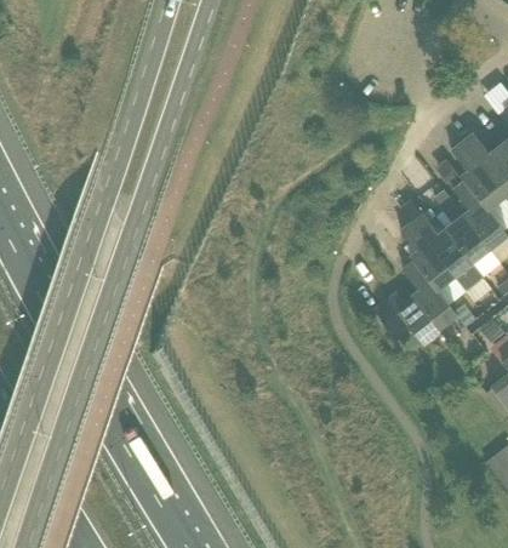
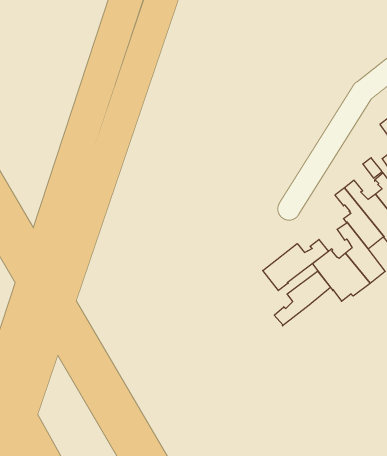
building: none -> [263,239,328,291]
building: none -> [274,271,331,326]

